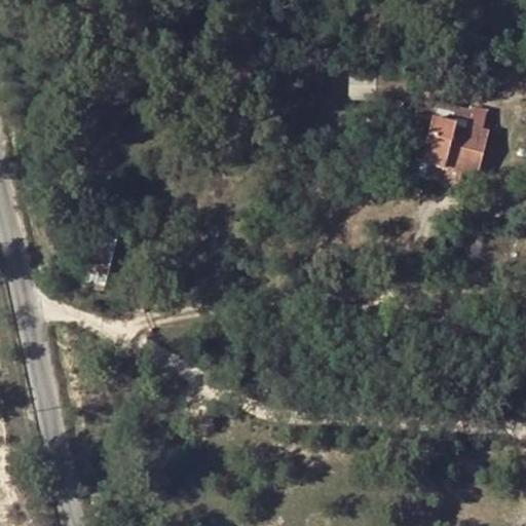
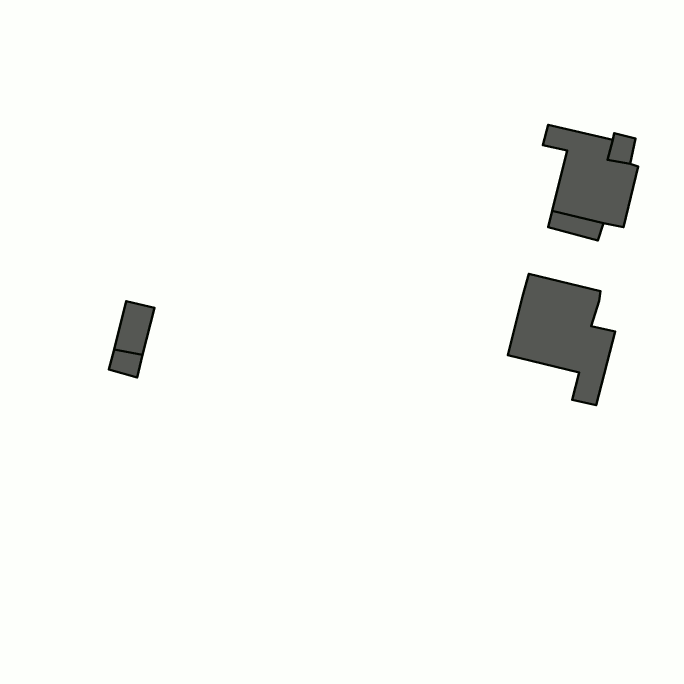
building: none -> [508,274,615,405]

